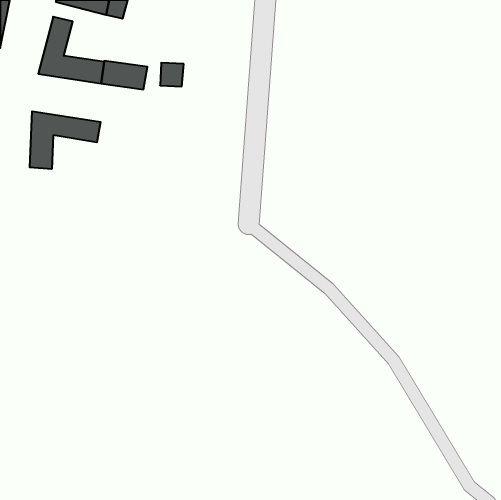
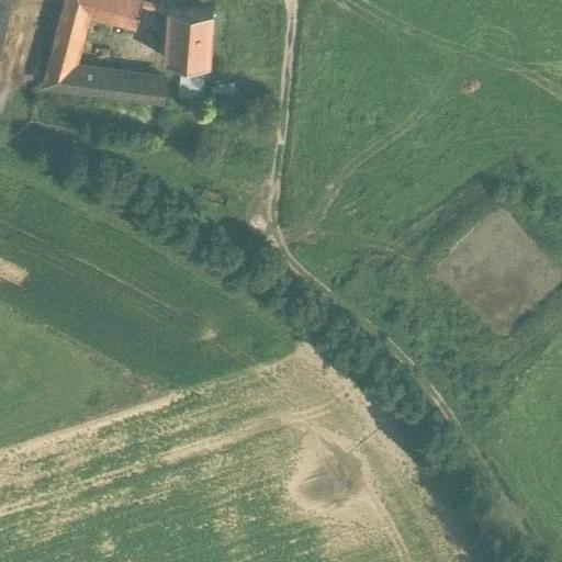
building: none -> [167,7,213,63]
building: [30,111,101,169] -> none

